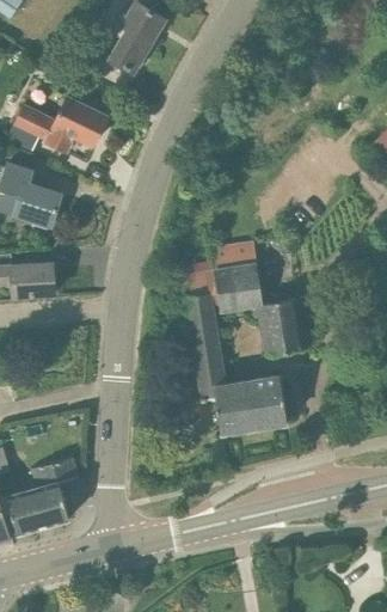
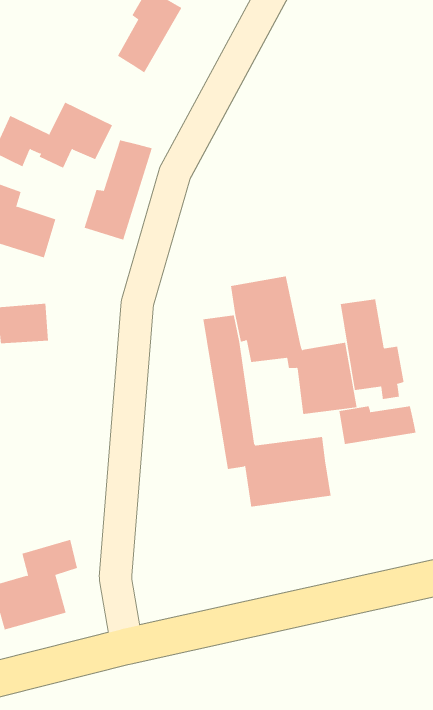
building: none -> [84,139,152,240]
building: none -> [340,298,404,400]
building: none -> [339,406,416,445]

